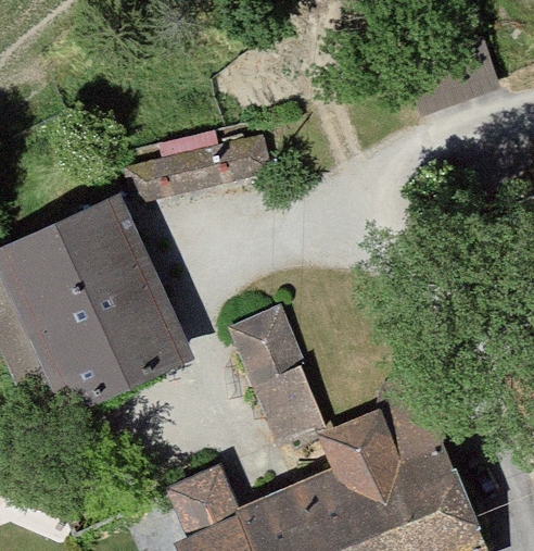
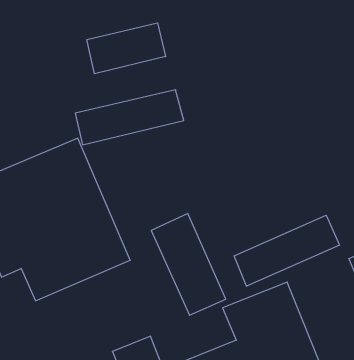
building: none -> [87,23,166,74]
building: none -> [234,215,339,286]

